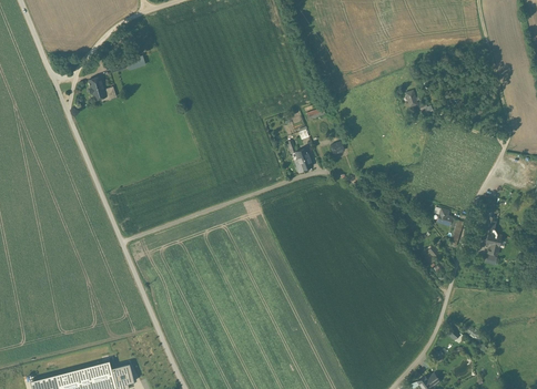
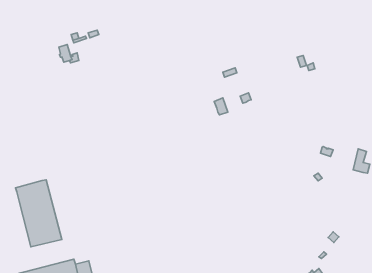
building: none -> [16,180,62,247]

